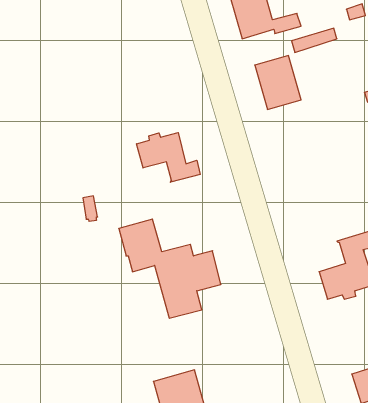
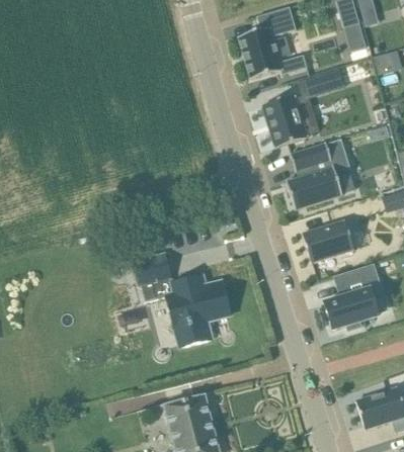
building: none -> [286,138,349,208]
building: [137,133,200,182] -> none
building: none -> [303,219,353,263]

